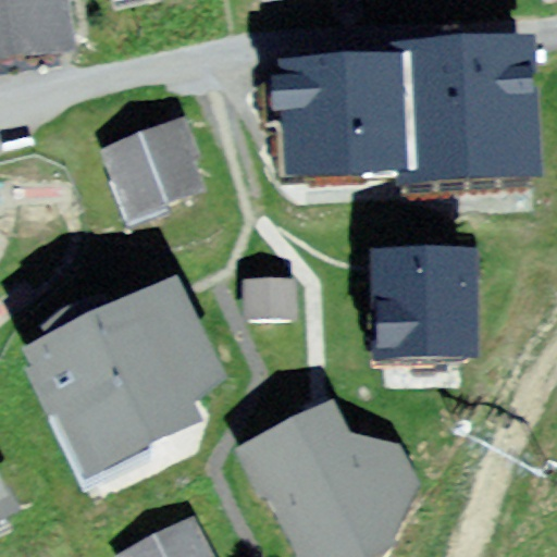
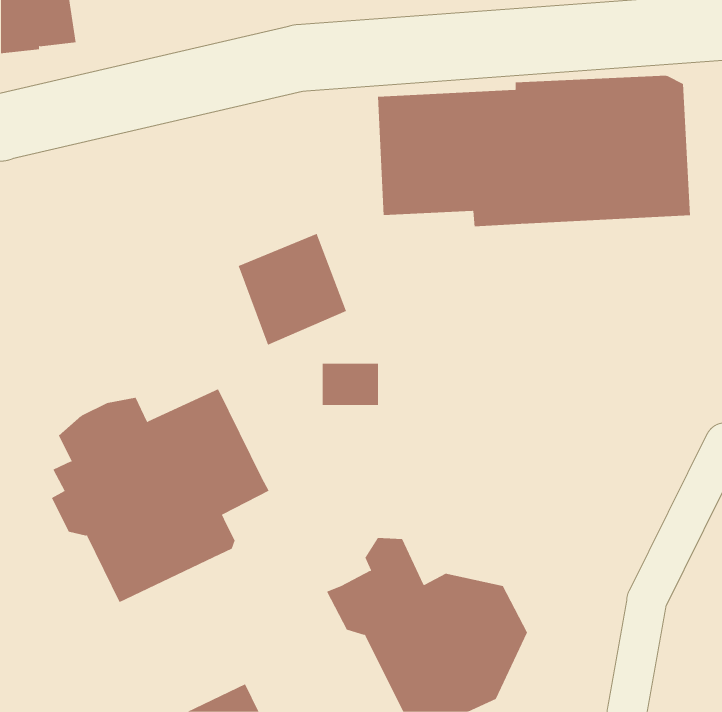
building: [112,123,196,209] -> [238,233,347,345]
building: [385,247,480,362] -> none

